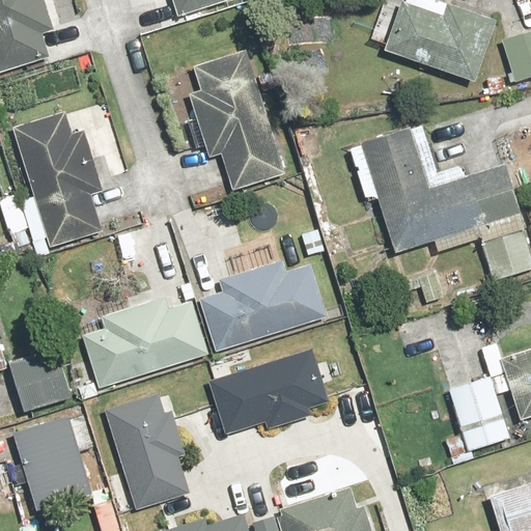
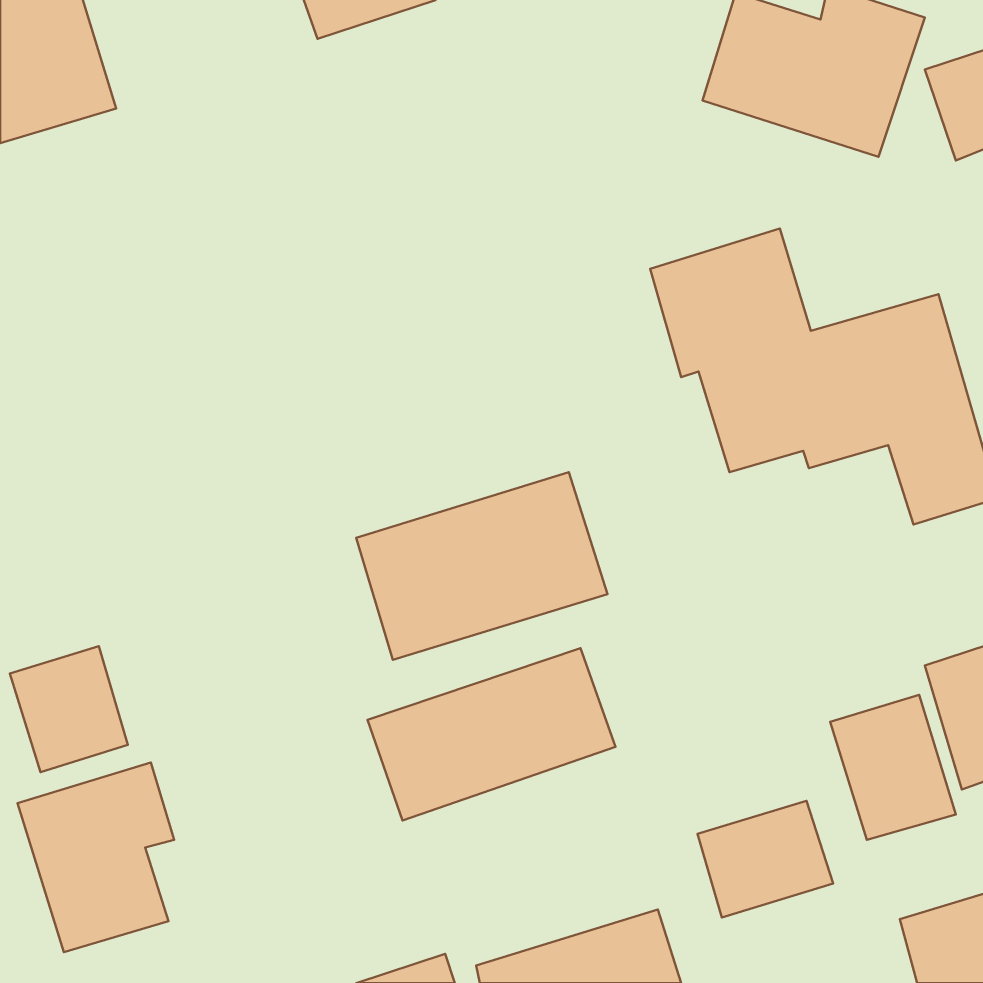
building: [179,53,288,187] -> none
building: [8,102,117,247] -> none
building: [77,288,206,389] -> none
building: [102,393,192,511] -> none
building: none -> [697,801,833,917]

